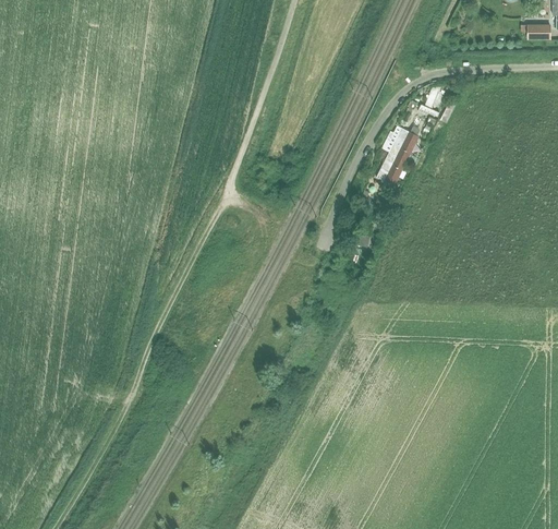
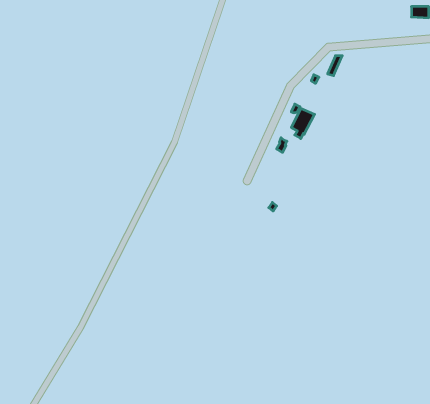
building: [389,127,418,160] -> none

